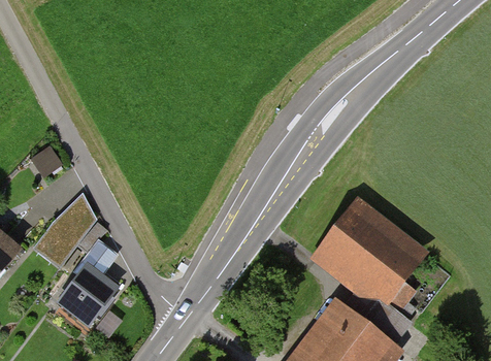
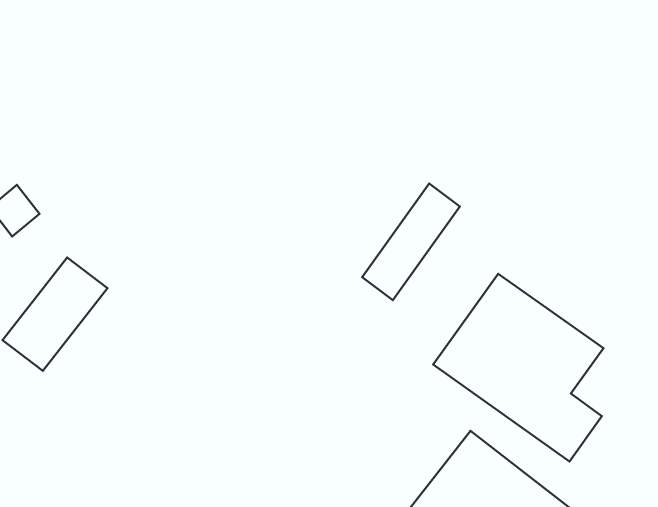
building: none -> [362,184,460,300]
building: [52,242,120,329] -> none

